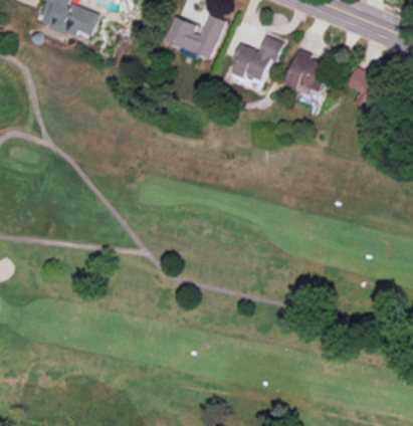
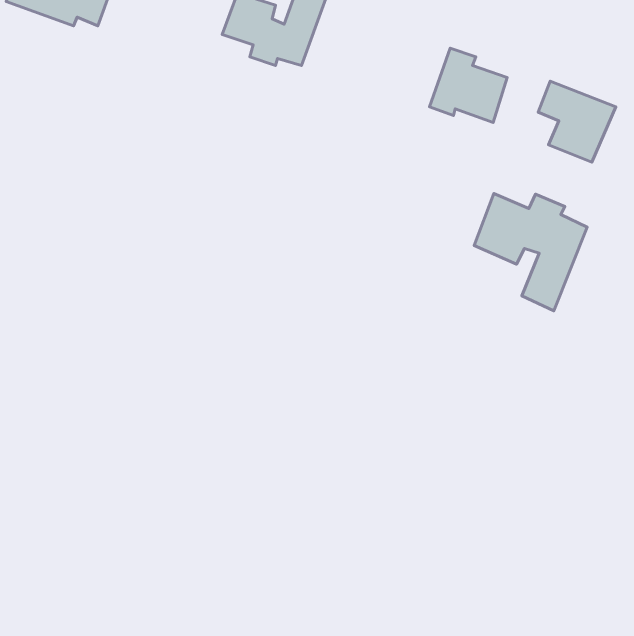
building: [231,35,282,82] -> none
building: none -> [474,194,587,311]

